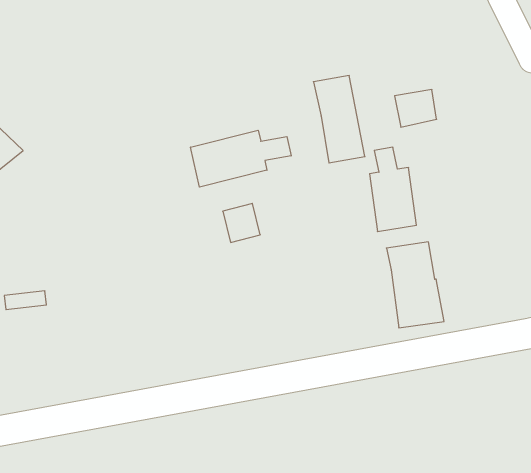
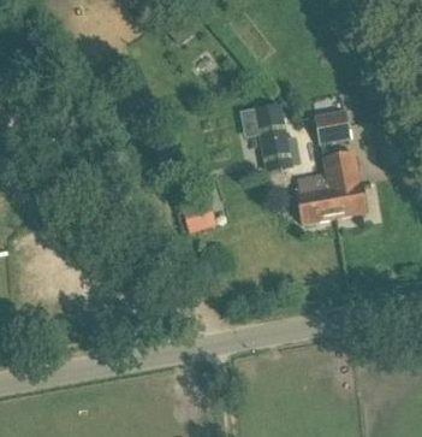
building: [191,130,291,187] -> none
building: [386,242,444,328] -> [322,152,367,218]

